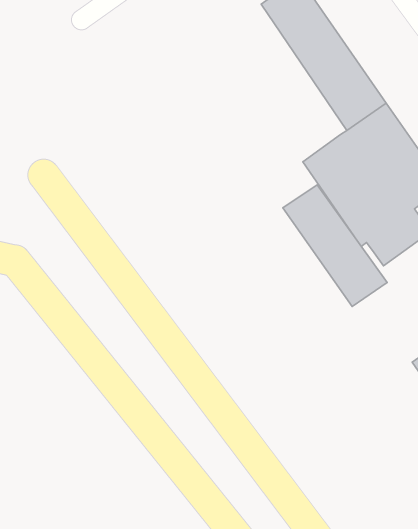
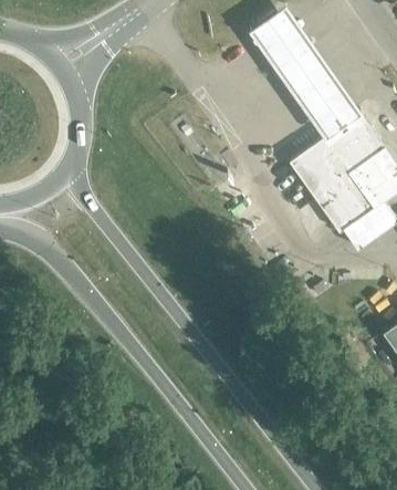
building: [283,185,387,307] -> none

